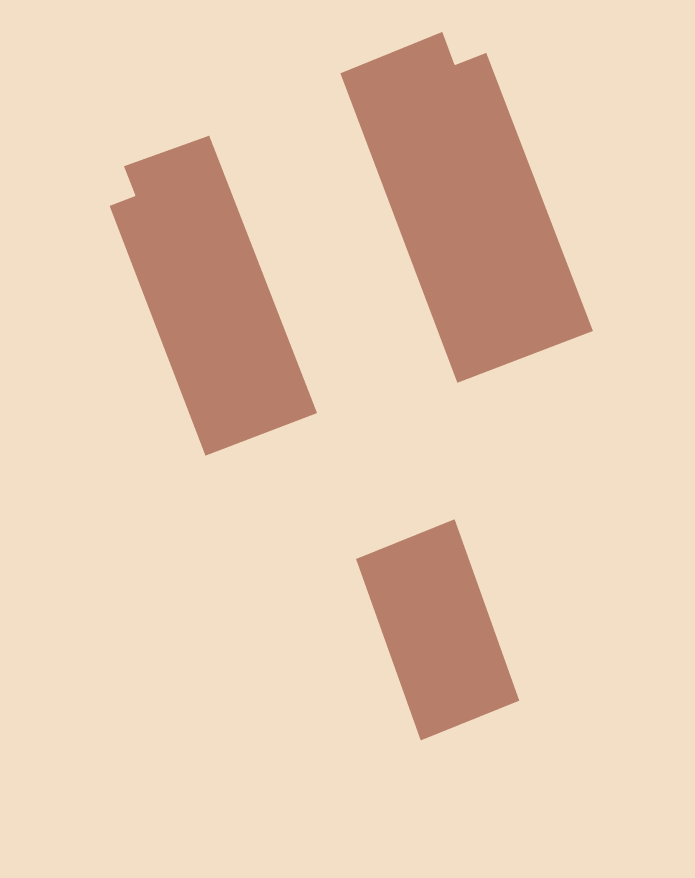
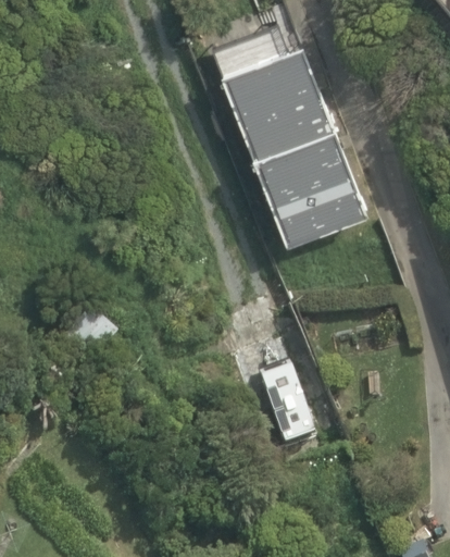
building: [109,135,318,457] -> none

